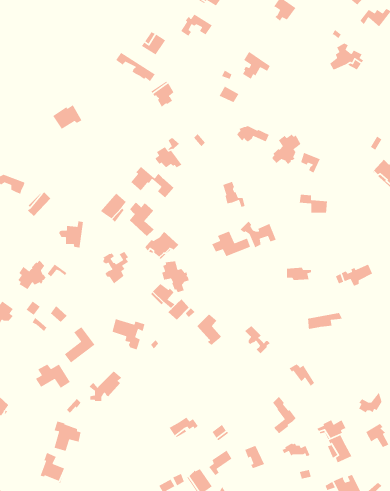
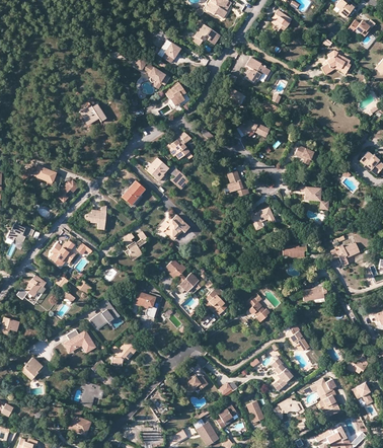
building: [271,133,302,165] -> none
building: [129,202,154,237] -> none
building: [211,230,251,257] -> none
building: [161,261,190,293] -> none

